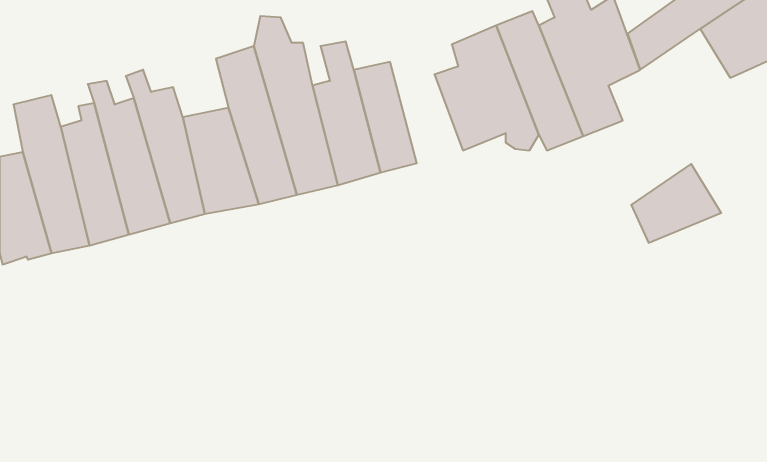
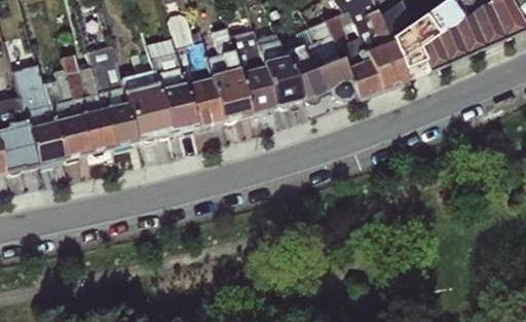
building: none -> [257,33,304,108]
building: [631,164,721,243] -> [419,21,478,72]

